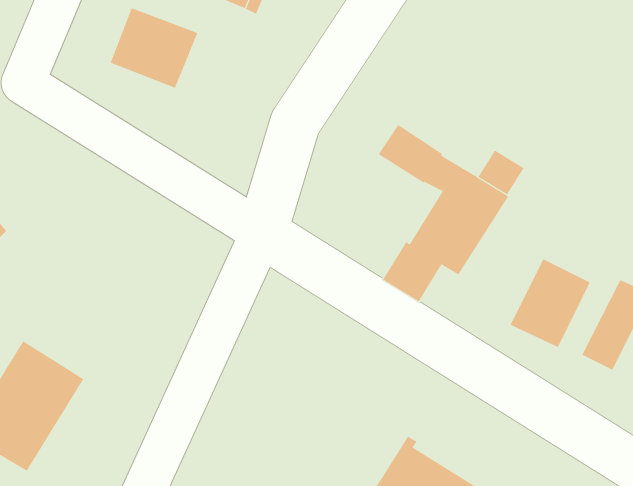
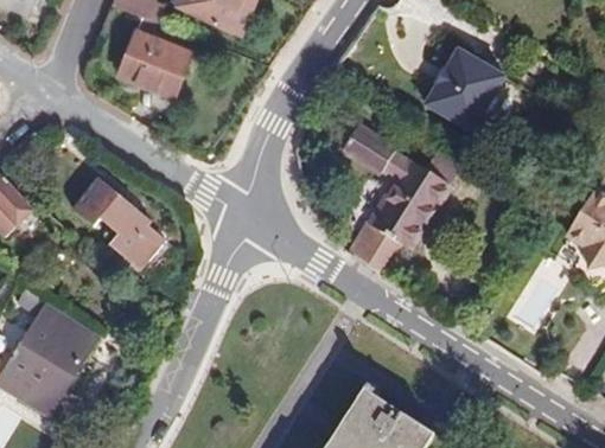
building: none -> [425,49,505,132]
building: none -> [71,177,167,280]
building: [510,259,591,348] -> none

